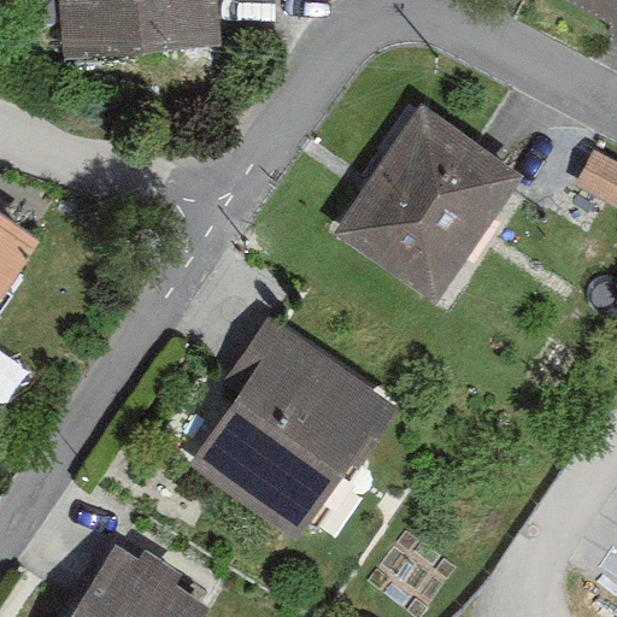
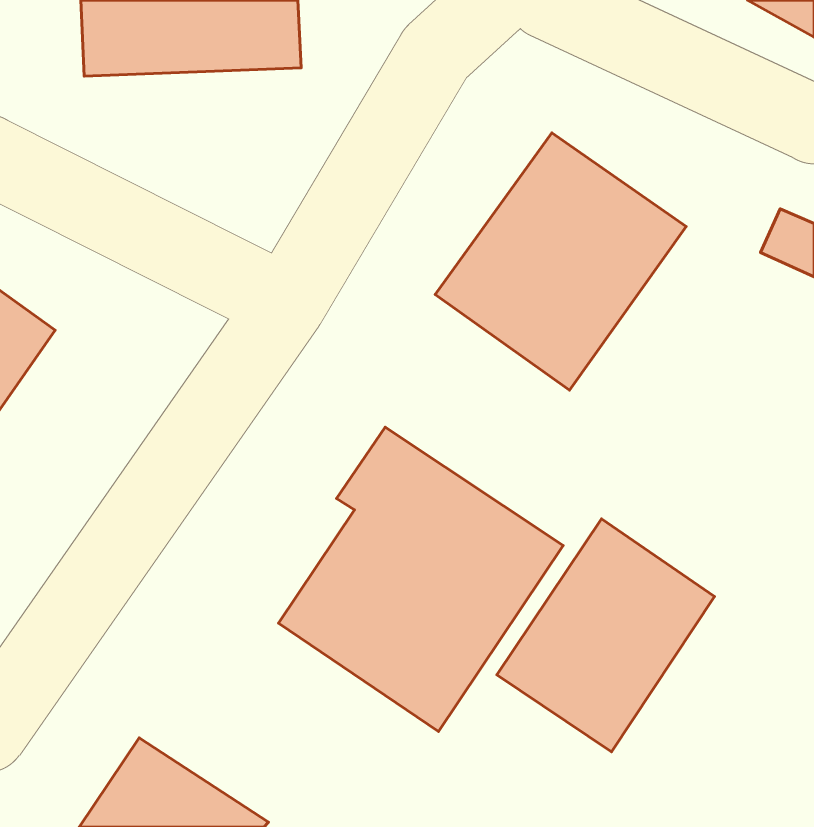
building: none -> [497,519,715,752]

